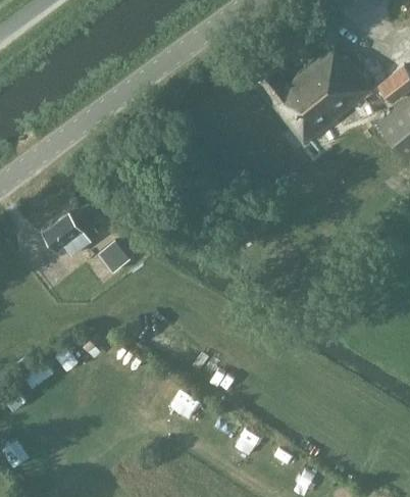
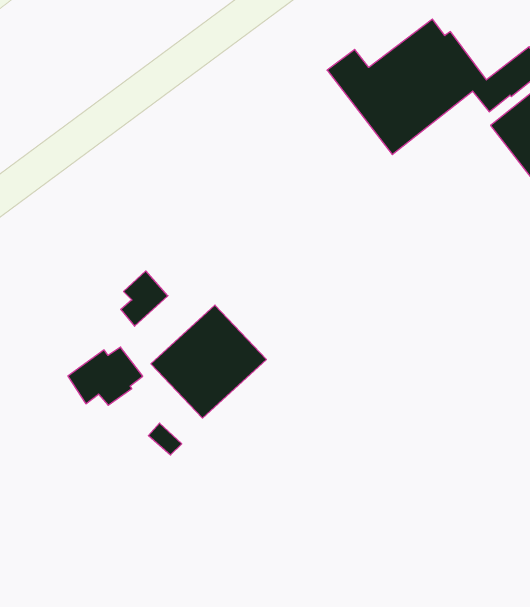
building: [41,211,96,254] -> [68,347,143,405]
building: none -> [151,305,266,418]

